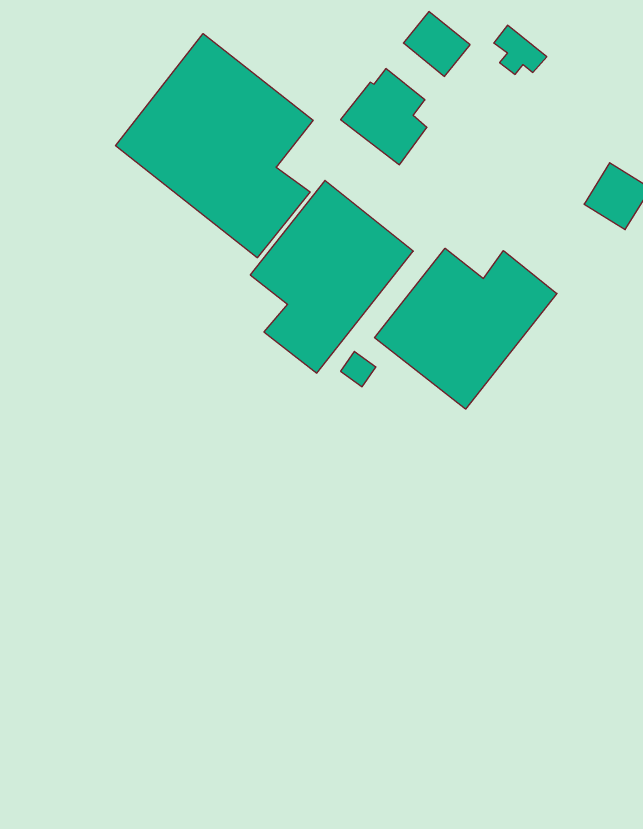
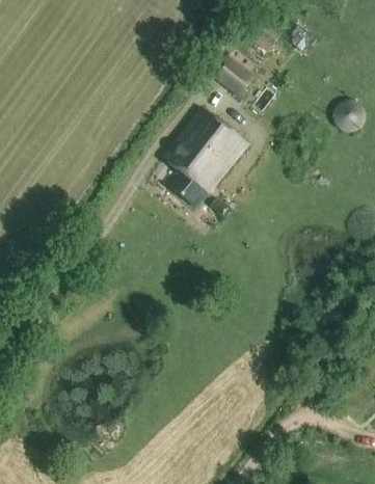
building: [116,34,313,258] -> none
building: [375,248,557,409] -> none

